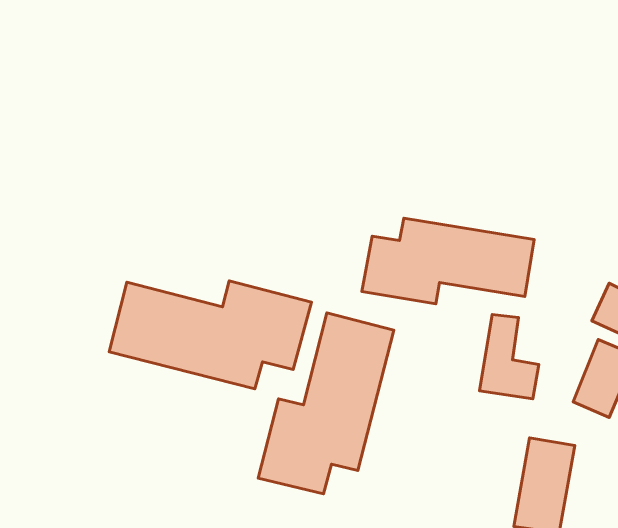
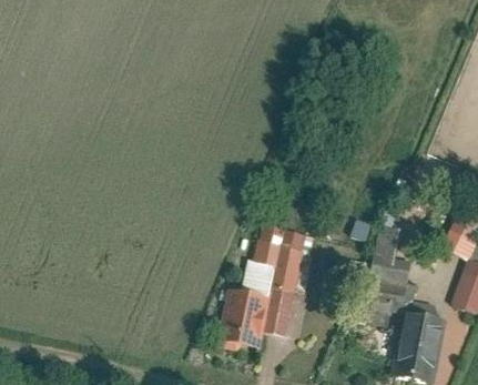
building: [362,218,534,304] -> none
building: [109,281,312,389] -> none

